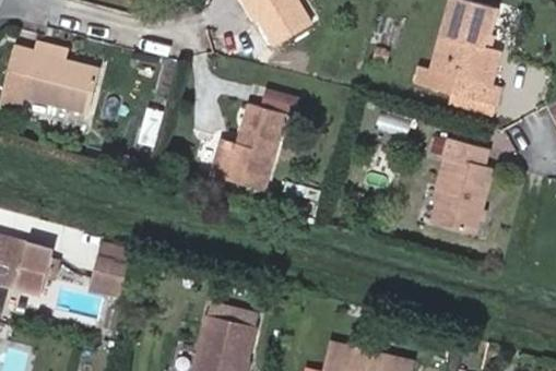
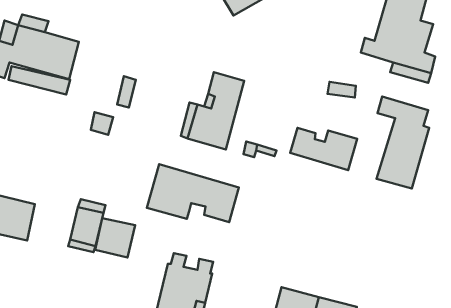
building: none -> [290,128,357,170]
building: none -> [147,164,239,222]
building: none -> [95,218,135,257]

